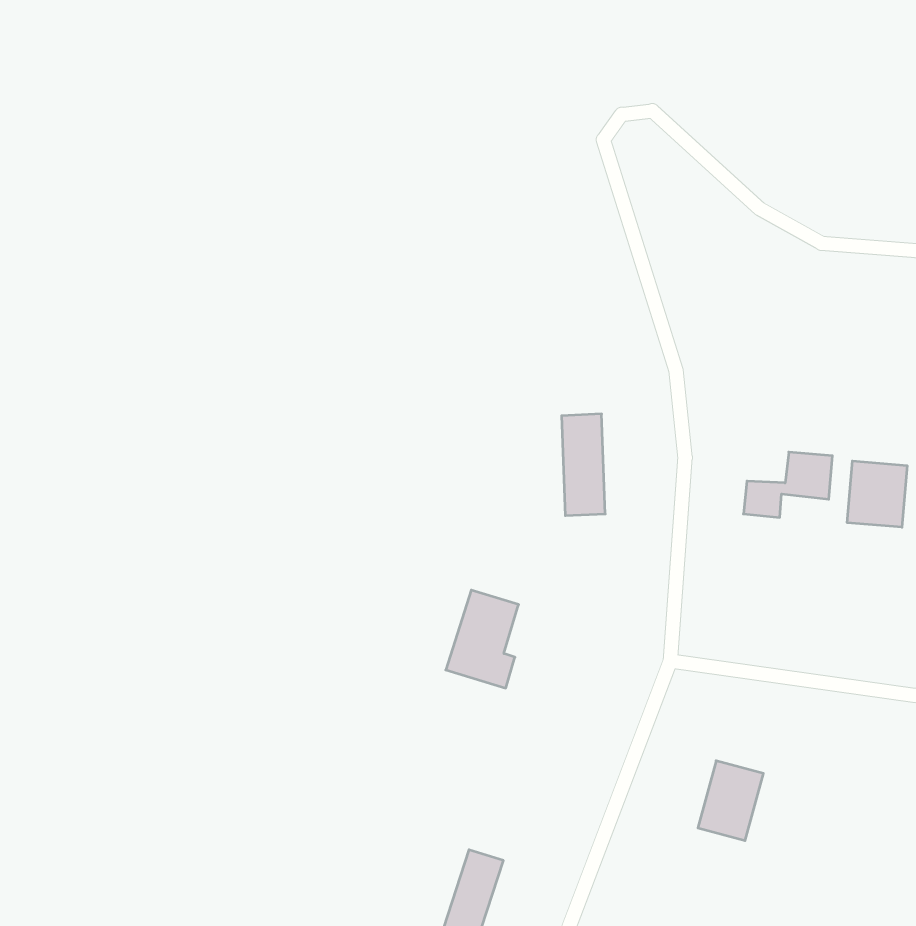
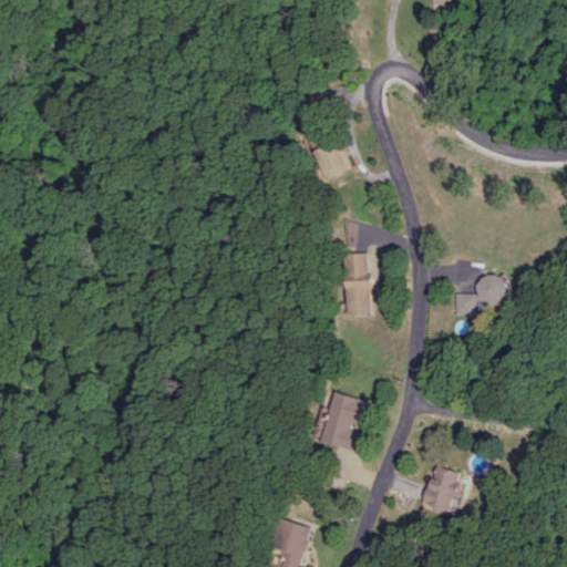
building: [847,461,907,527] -> none
building: [446,590,519,688] -> [316,392,360,452]

